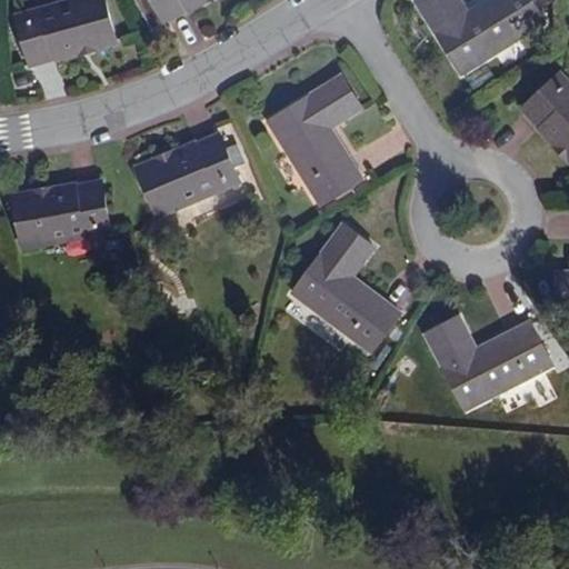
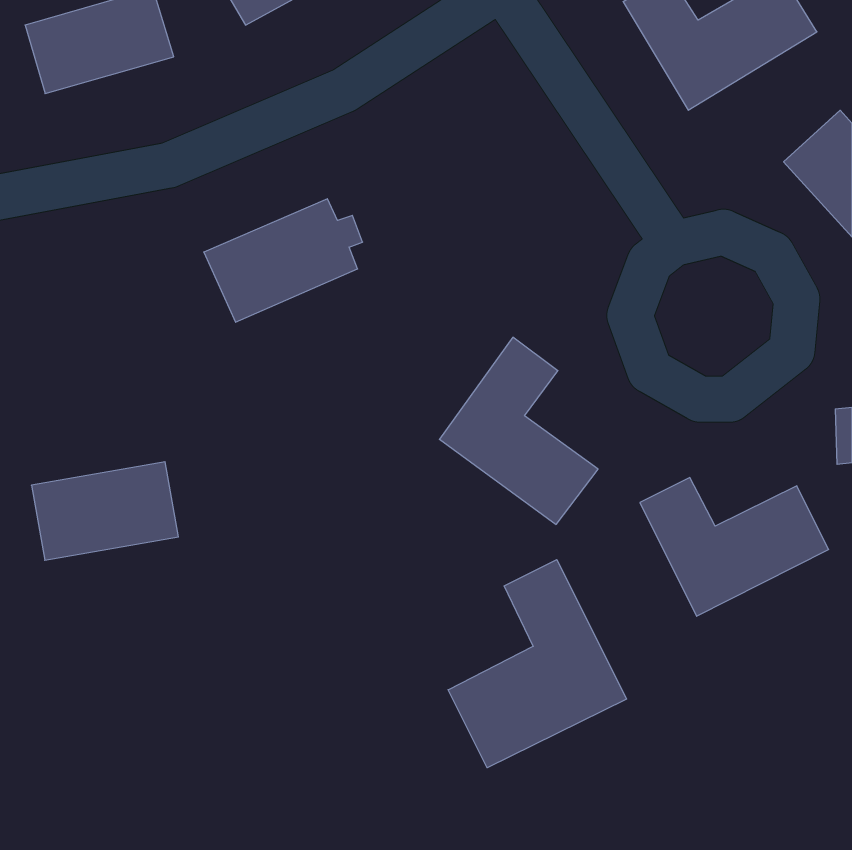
building: [268,77,359,204] -> none
building: [11,180,109,246] -> [31,462,178,560]
building: none -> [448,560,626,768]

